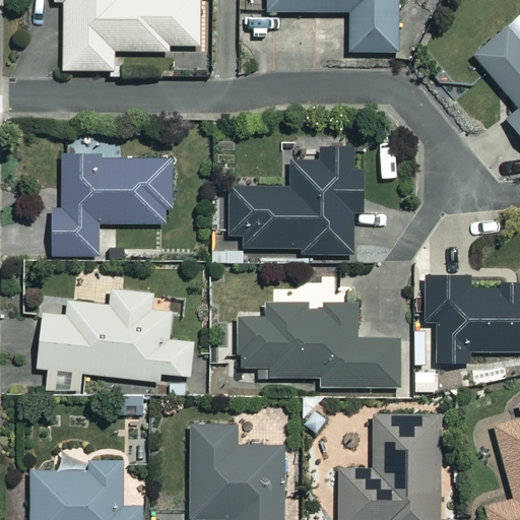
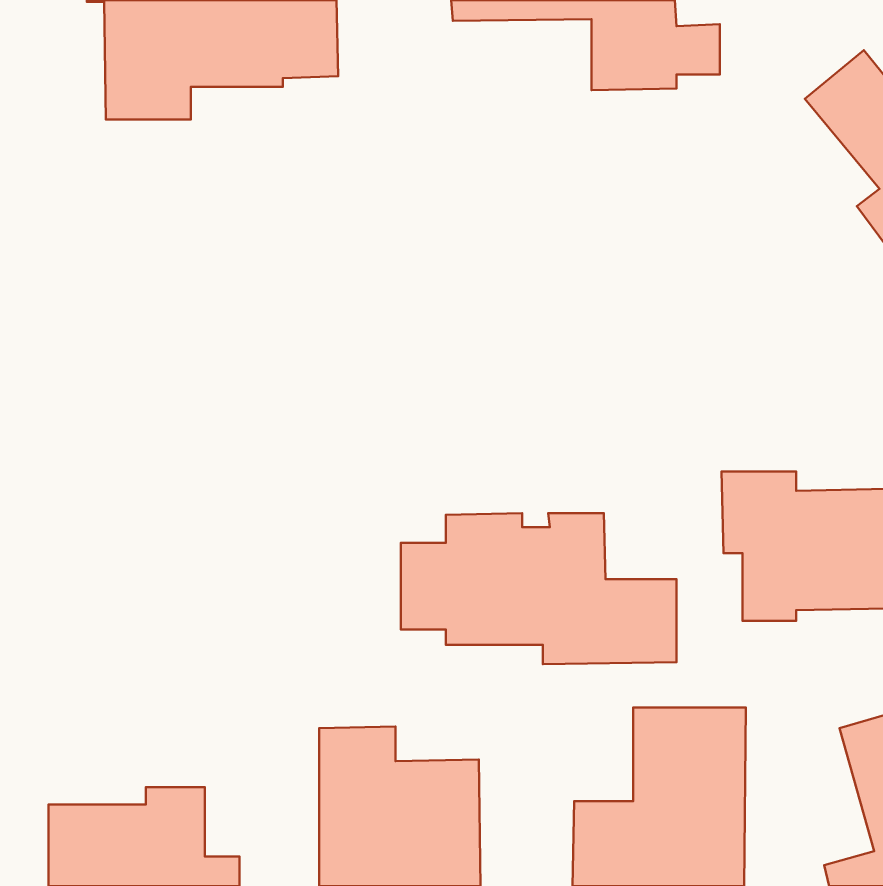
building: [50,134,174,256] -> none
building: [226,147,365,256] -> none
building: [37,290,193,392] -> none

